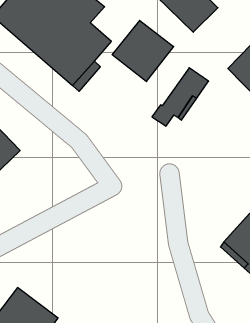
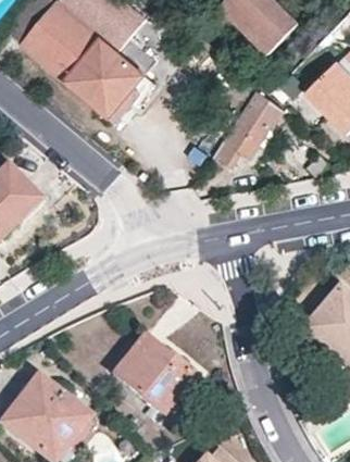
building: [112,20,174,82] -> none
building: none -> [114,336,193,413]

